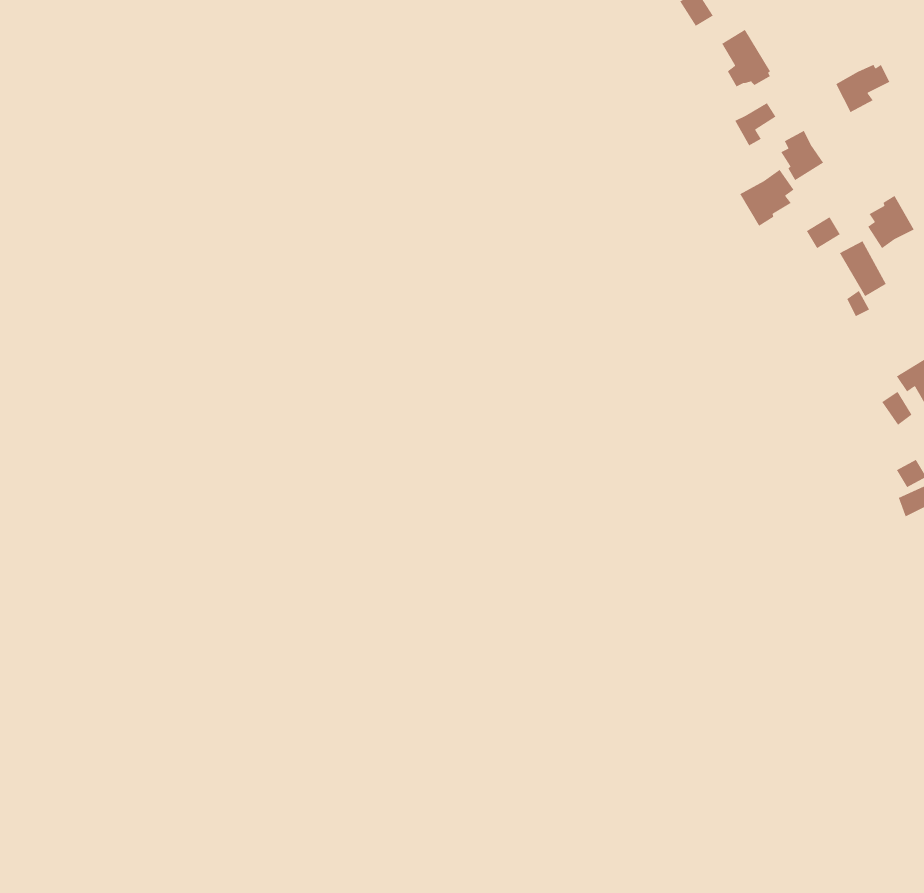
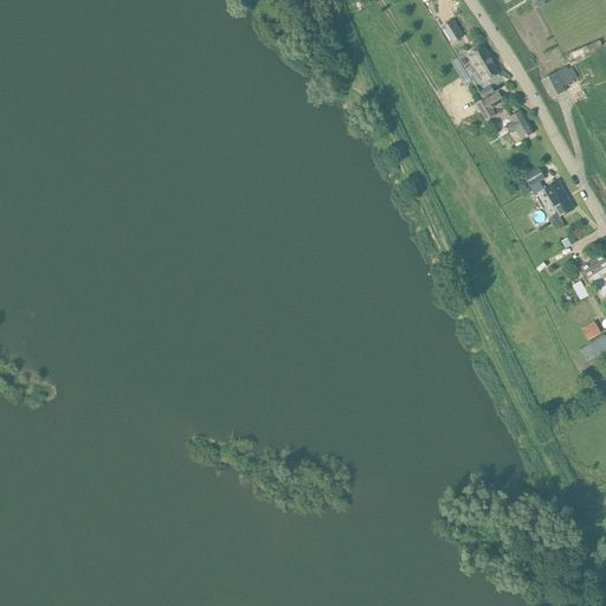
building: [739,169,794,227] -> none
building: [867,195,915,249] -> none

